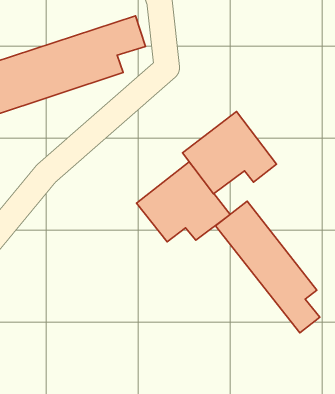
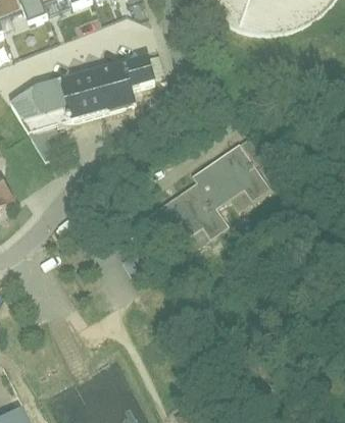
building: [216,201,320,333] -> none

